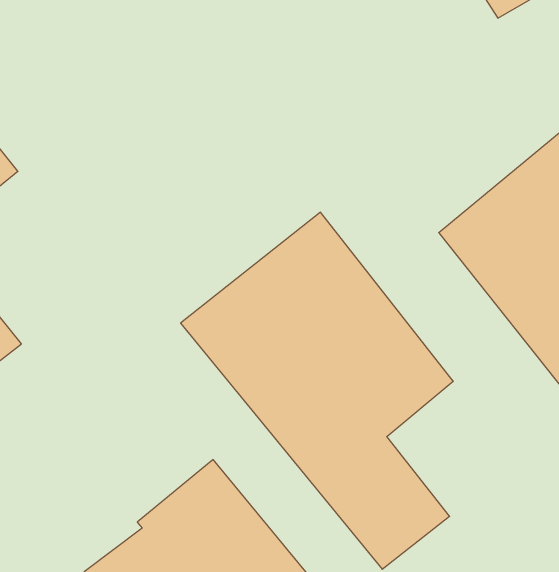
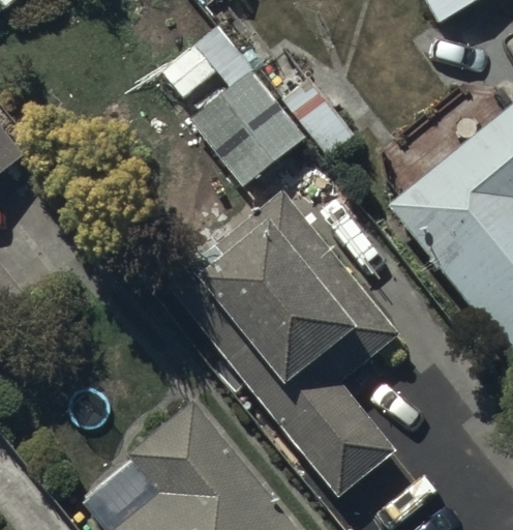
building: none -> [154,27,305,187]

